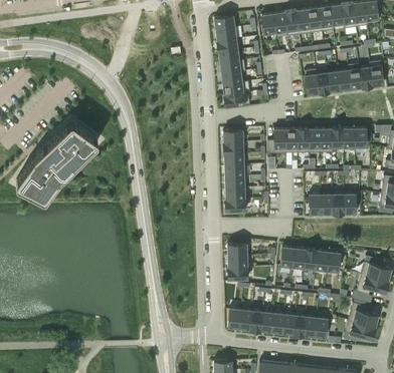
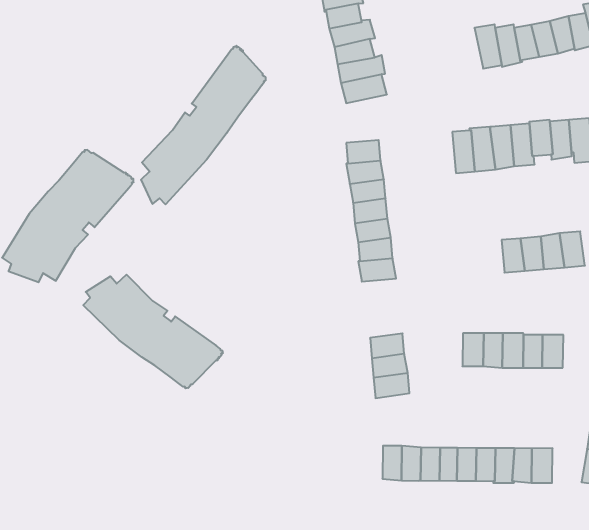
building: none -> [141,46,266,204]
building: [268,129,286,153] -> none
building: none -> [83,275,223,388]

